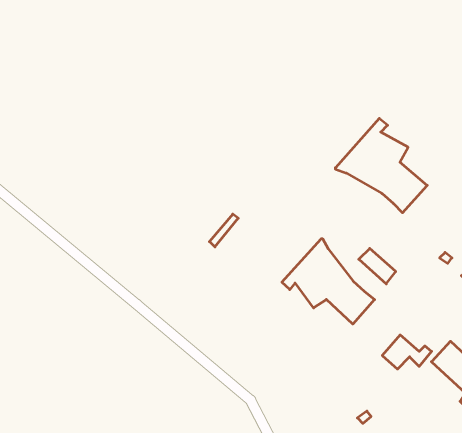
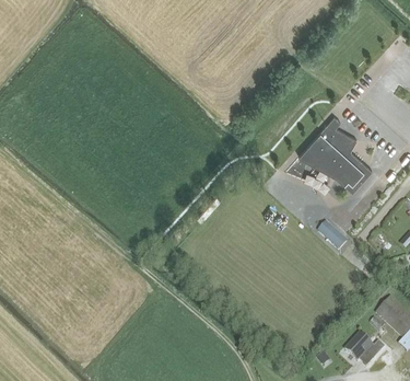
building: [282,239,375,324] -> none
building: [382,335,432,369] -> [345,332,385,359]

